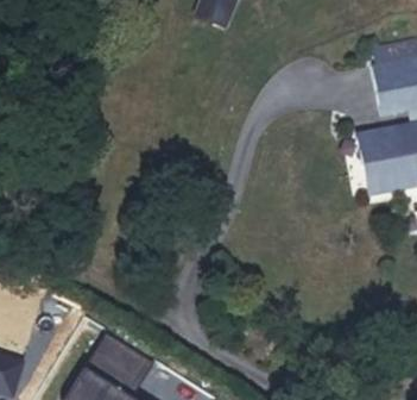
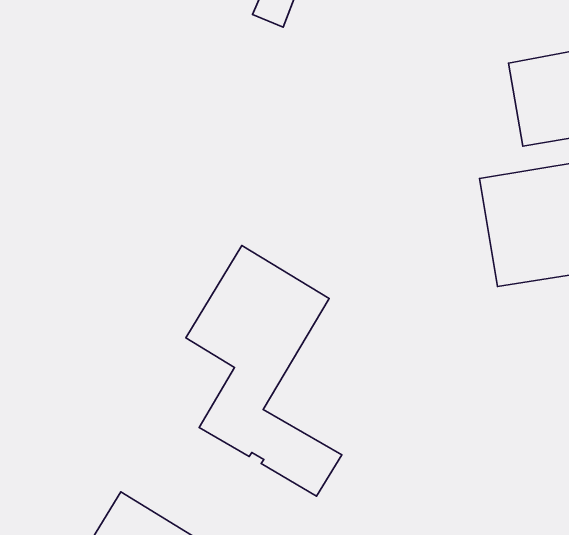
building: none -> [186,246,342,496]

